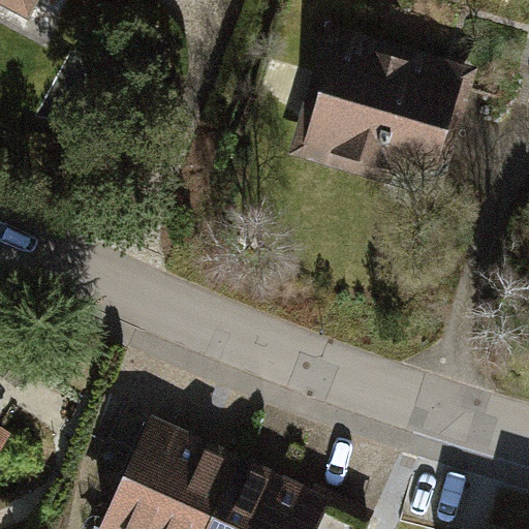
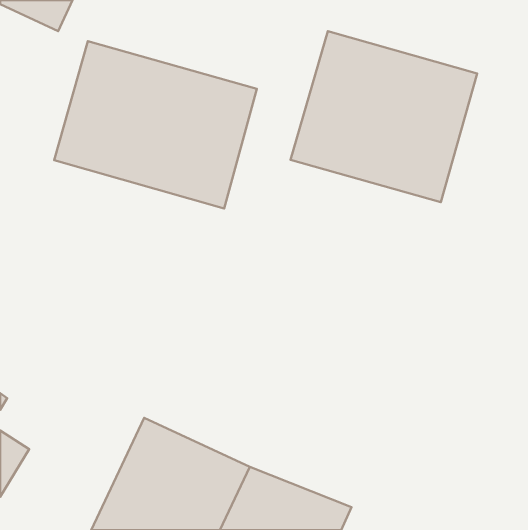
building: none -> [54,41,257,208]

